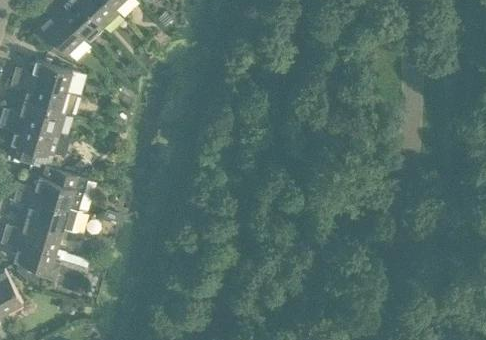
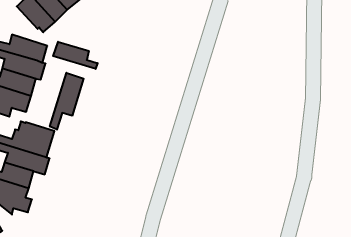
building: none -> [53,42,98,69]
building: none -> [50,73,84,130]

